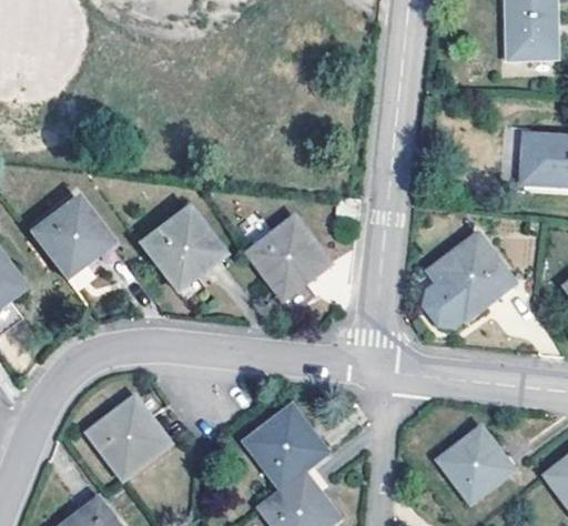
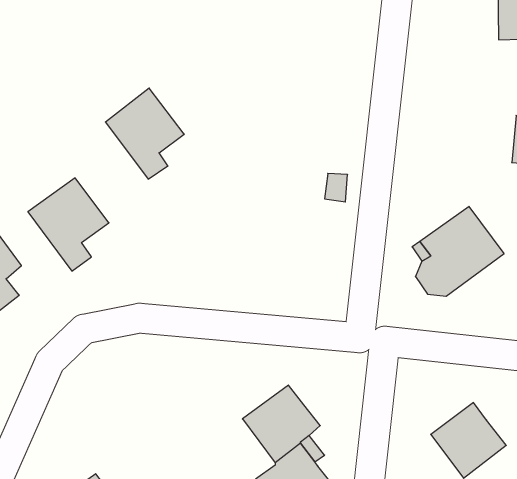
building: [136,208,216,300] -> [105,88,184,179]
building: [245,219,326,313] -> none
building: [90,387,171,477] -> none

